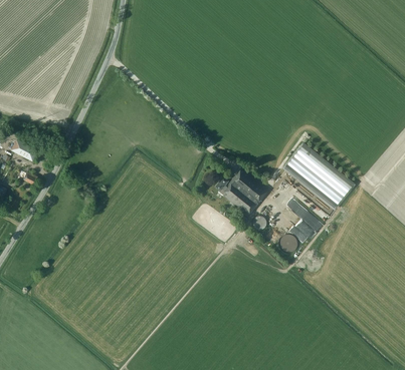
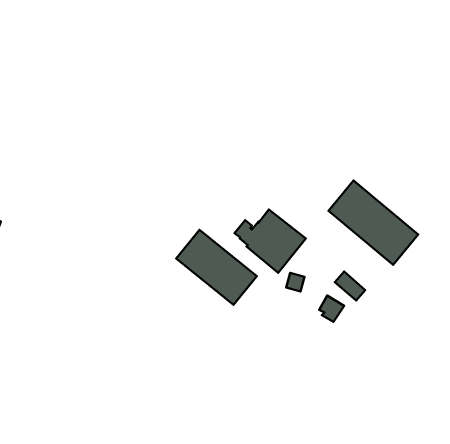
building: none -> [176,230,257,305]

